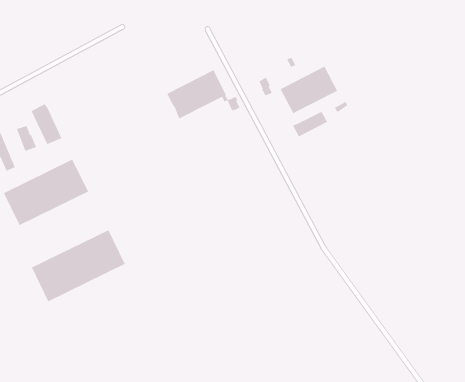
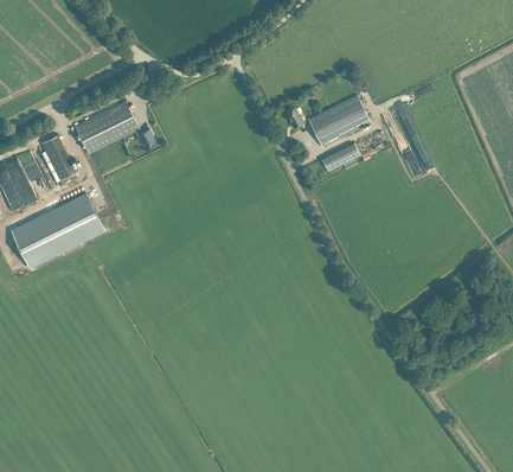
building: [166,69,241,119] -> [73,100,153,153]
building: [31,229,126,303] -> none

